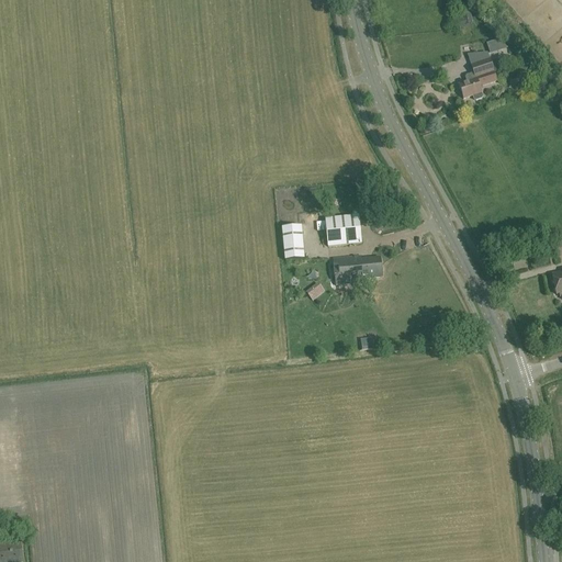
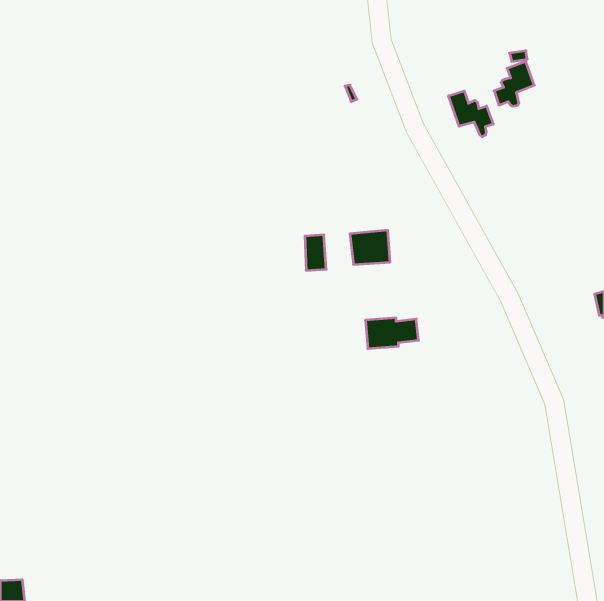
building: none -> [449,91,493,137]
building: [333,255,382,283] -> [365,318,419,349]

